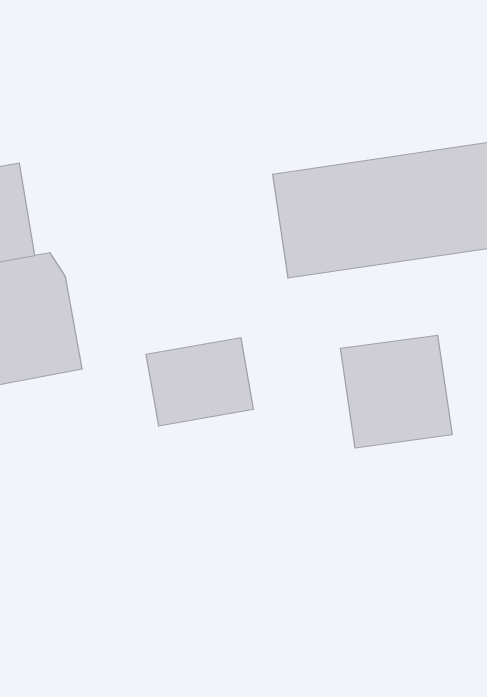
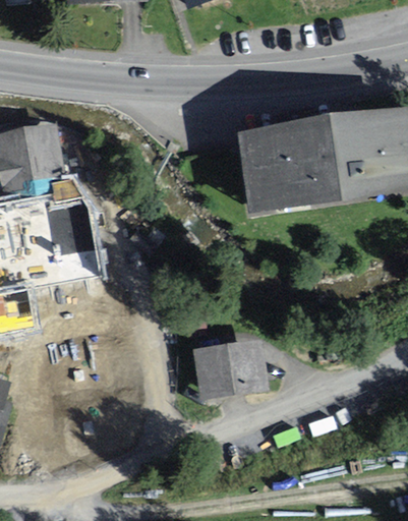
building: [340,335,452,448] -> none
building: [146,338,254,426] -> [189,335,268,399]

